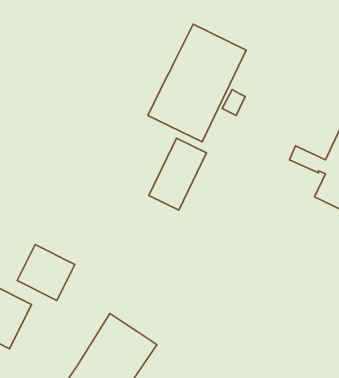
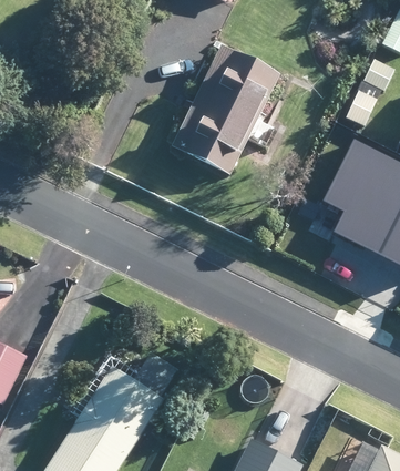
building: [149,138,207,210] -> none
building: [17,244,75,300] -> none

